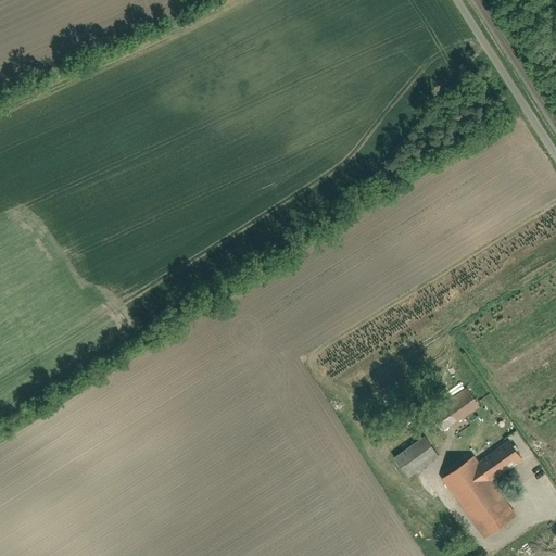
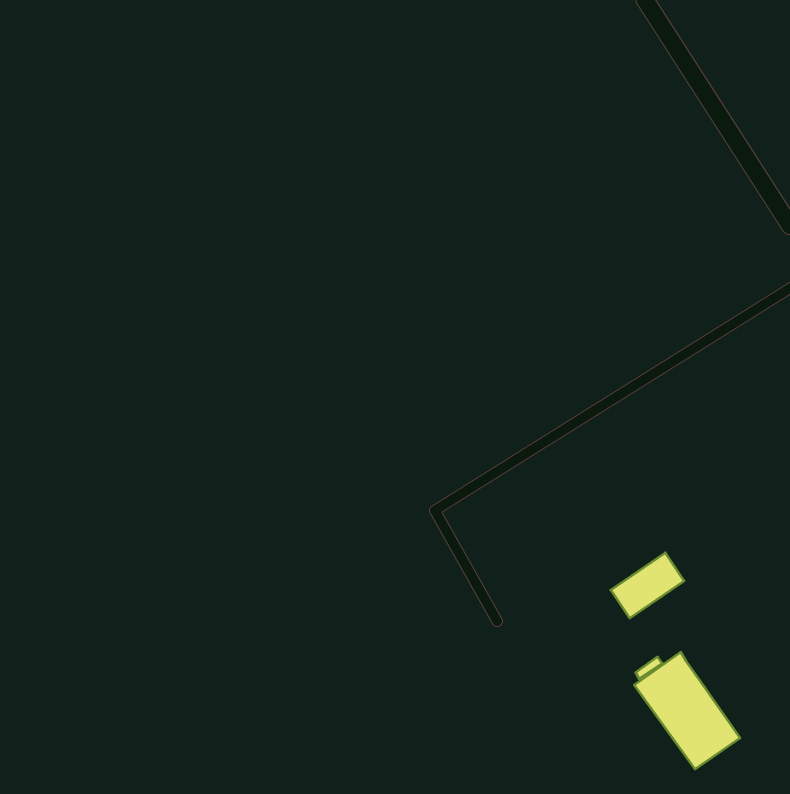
building: [394,437,440,478] -> none
building: [478,440,521,480] -> none

